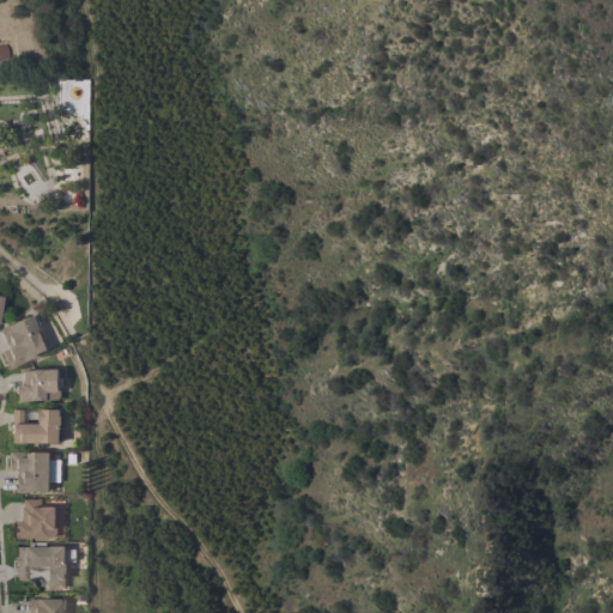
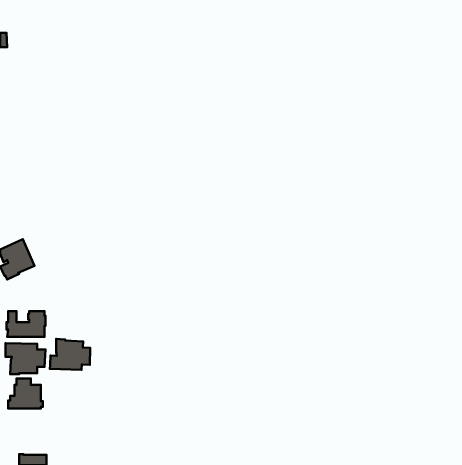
building: [18,370,62,401] -> none
building: none -> [50,339,90,370]
building: [18,546,69,589] -> none

